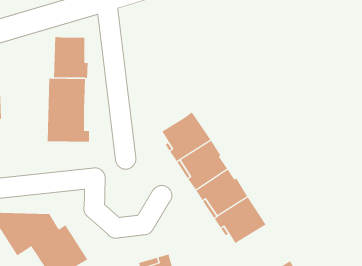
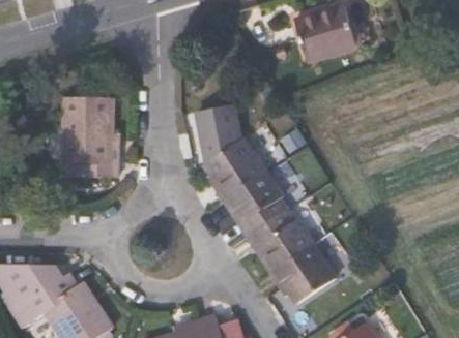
building: none -> [294,5,356,62]
building: [54,36,88,79] -> none
building: none -> [193,104,232,164]

